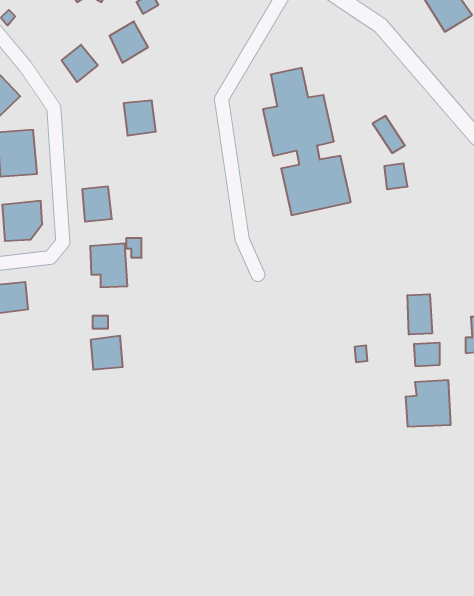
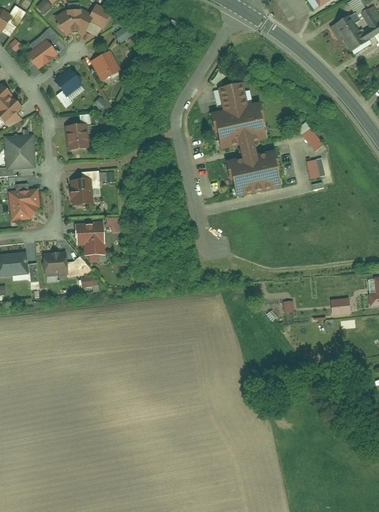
building: none -> [27,38,58,68]
building: [124,101,156,136] -> [64,123,89,150]
building: [408,294,432,335] -> none
building: [91,336,123,370] -> [43,250,68,276]
building: [406,380,450,427] -> none

